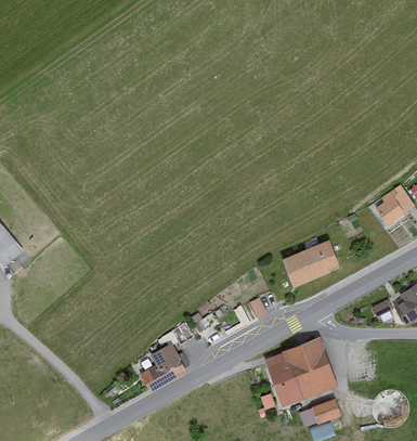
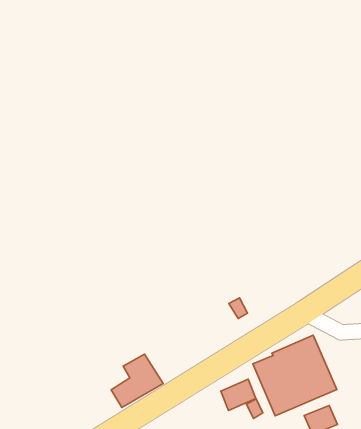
building: [281,242,337,286] -> none
building: none -> [221,379,256,410]

